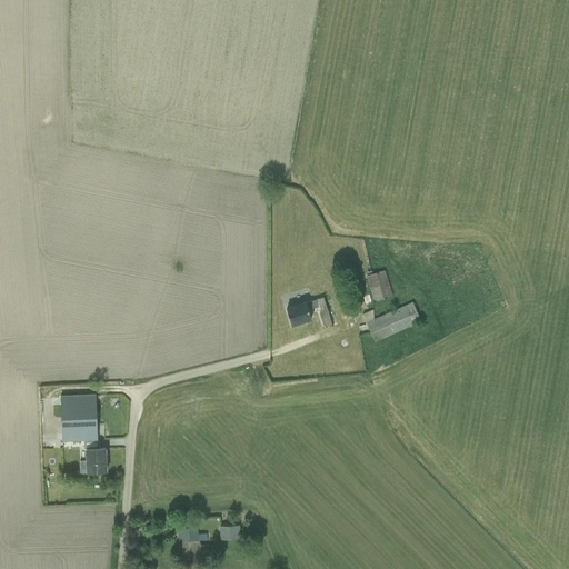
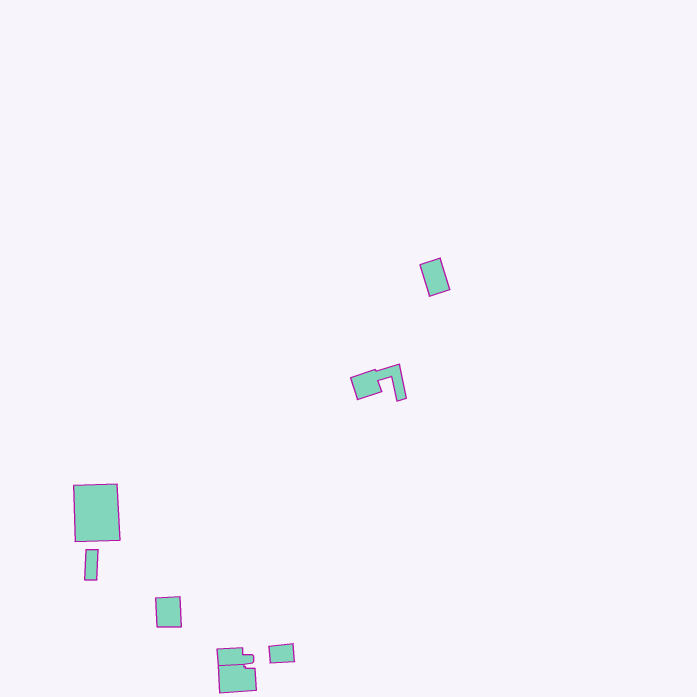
building: [367,270,391,301] -> [420,258,450,296]
building: [366,302,420,342] -> none
building: [84,448,106,472] -> [156,597,181,627]

